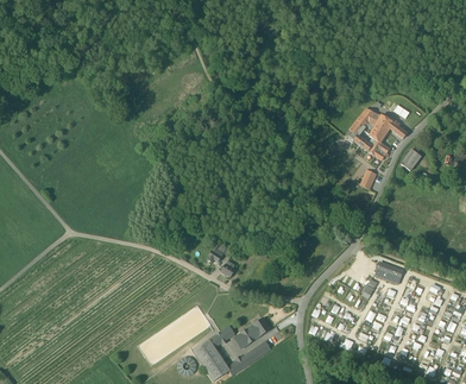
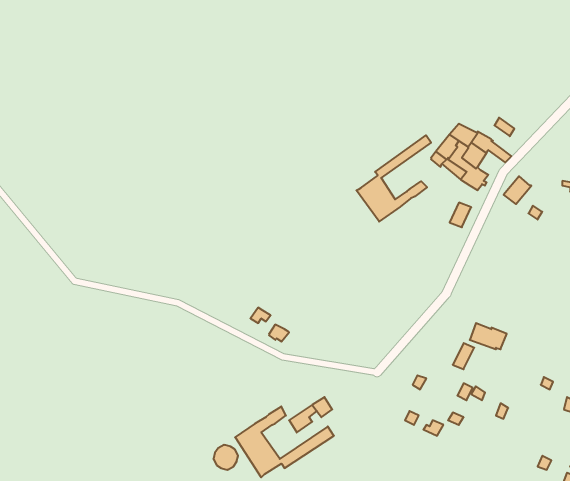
building: none -> [356,135,431,222]

